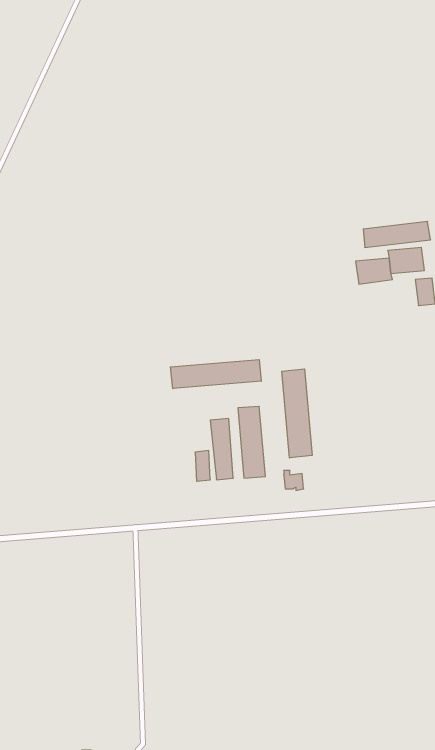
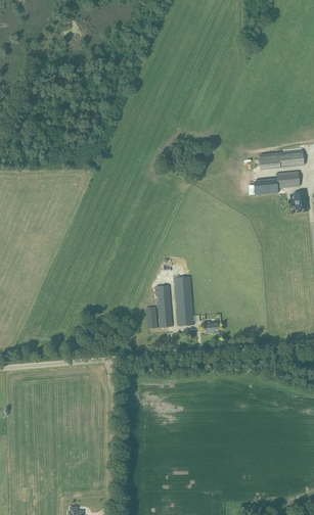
building: [171,360,261,389] -> none
building: [282,369,312,458] -> none

